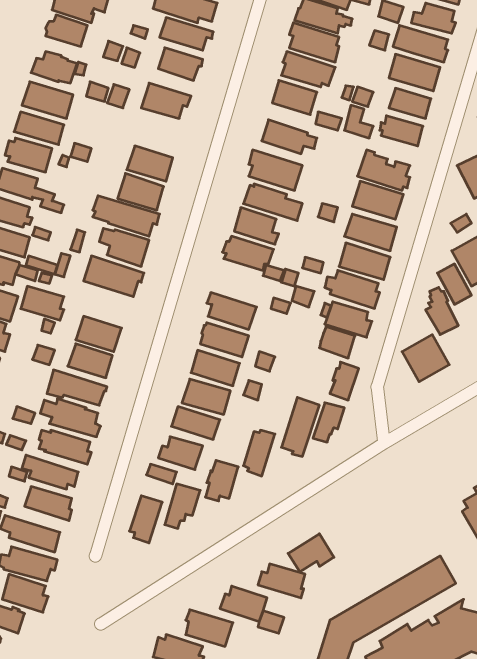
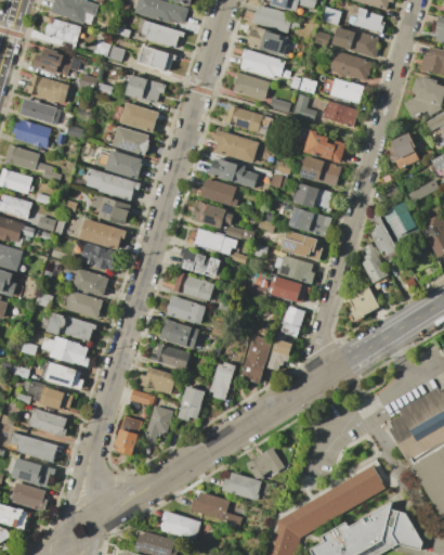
building: none -> [119,102,158,131]
building: none -> [192,227,237,255]
building: [21,286,64,320] -> [80,242,116,270]

